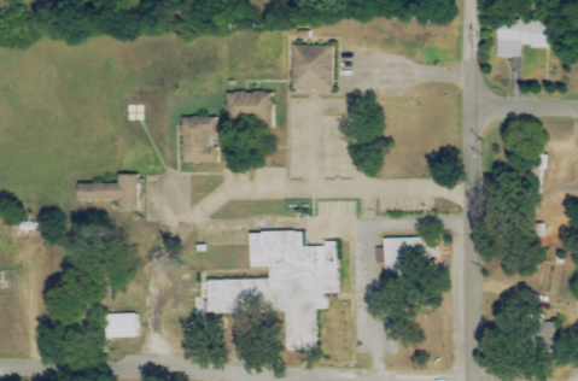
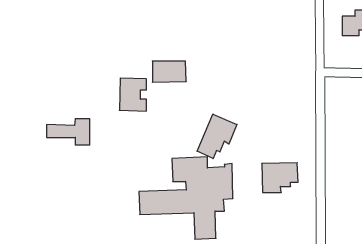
building: [291,46,333,90] -> none
building: none -> [197,114,237,159]
building: [103,315,134,339] -> none

